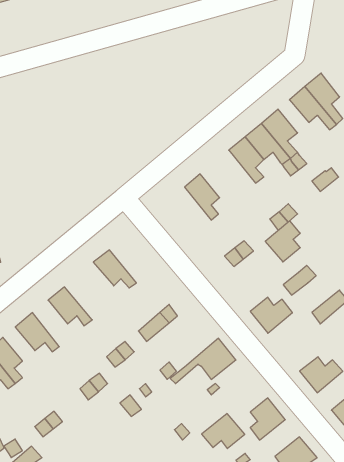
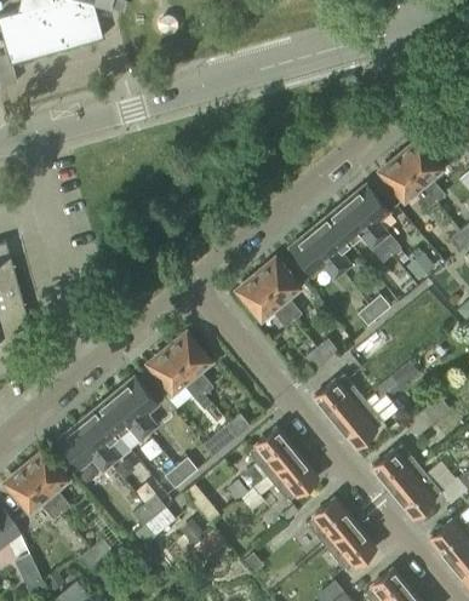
building: none -> [291,231,342,276]
building: none -> [240,275,290,321]
building: [265,221,300,262] -> [315,373,356,422]
building: none -> [170,333,211,388]
building: none -> [116,376,159,431]
building: none -> [79,408,120,463]
building: none -> [248,428,298,487]
building: none -> [373,442,416,492]
building: [202,414,245,449] -> [305,499,356,540]

